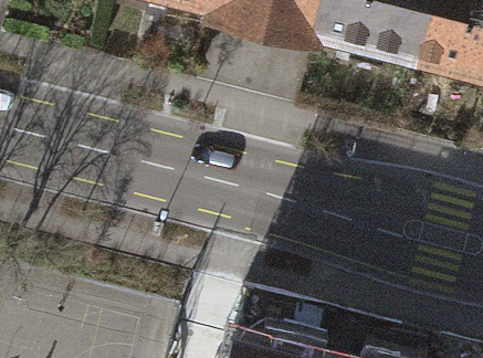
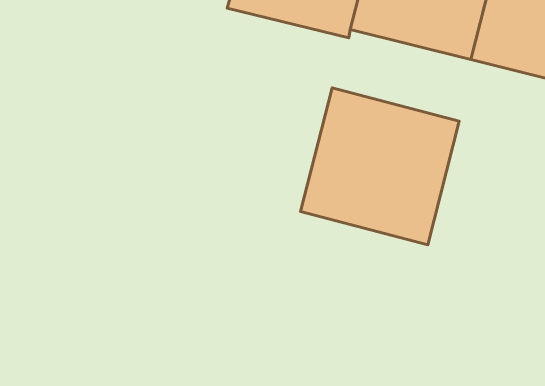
building: none -> [301,88,459,245]

